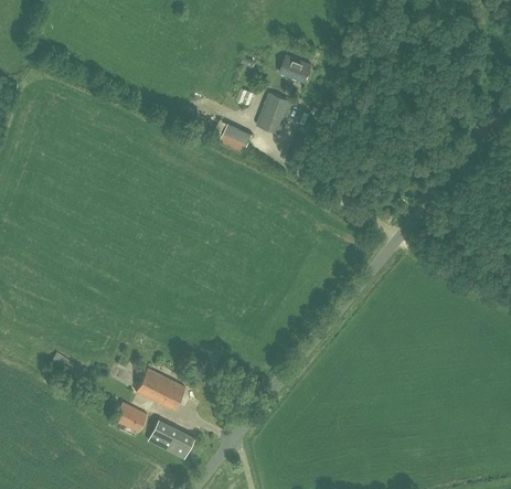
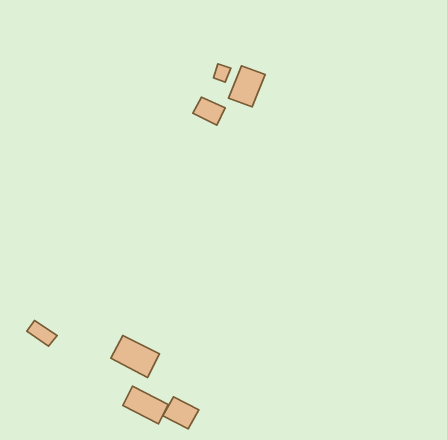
building: [280,55,311,82] -> none
building: [114,402,148,432] -> none
building: none -> [163,397,199,429]

